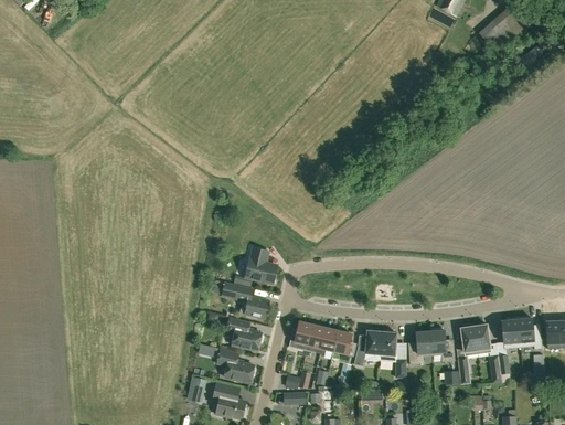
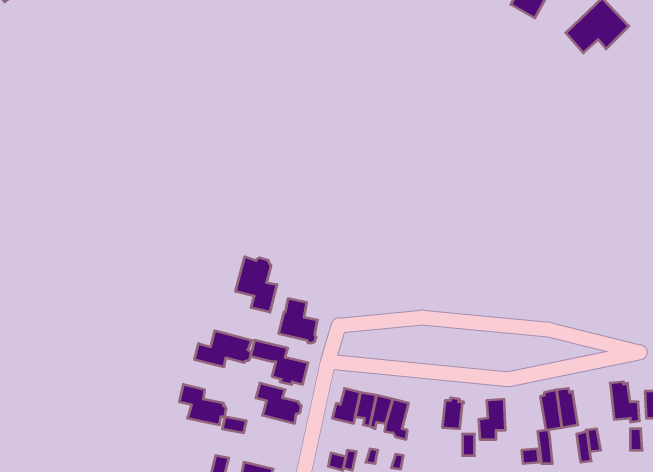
building: none -> [236,257,277,312]
building: none -> [195,331,252,367]
building: [501,317,521,348] -> none
building: [430,327,455,361] -> none
building: [353,328,382,366] -> none
building: [217,349,256,382] -> [179,384,226,425]

